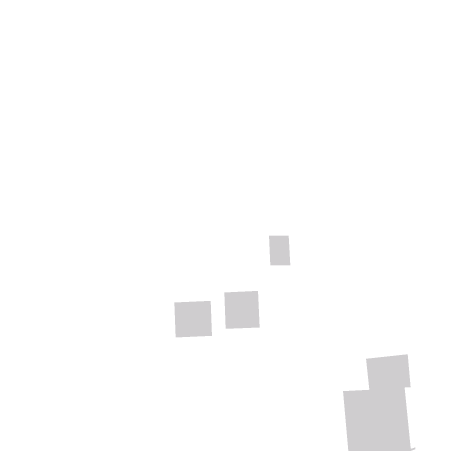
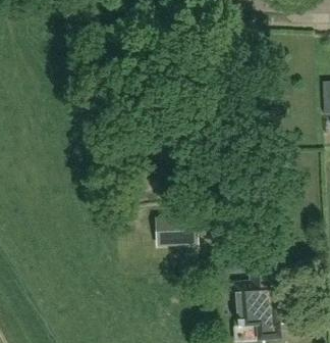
building: [174,300,213,338] -> none

